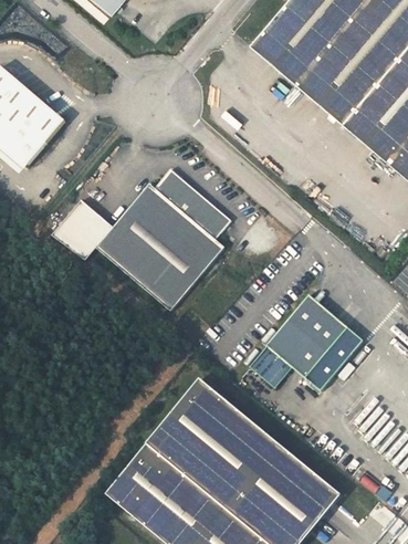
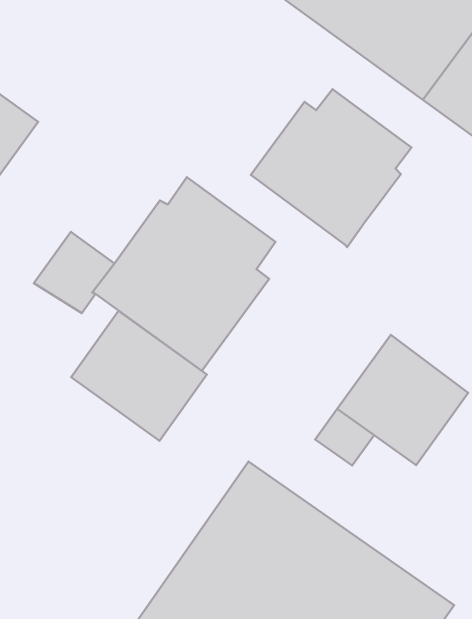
building: none -> [251,89,412,247]
building: none -> [71,311,207,441]

